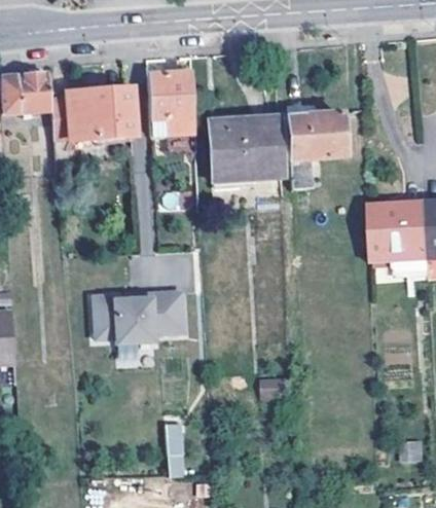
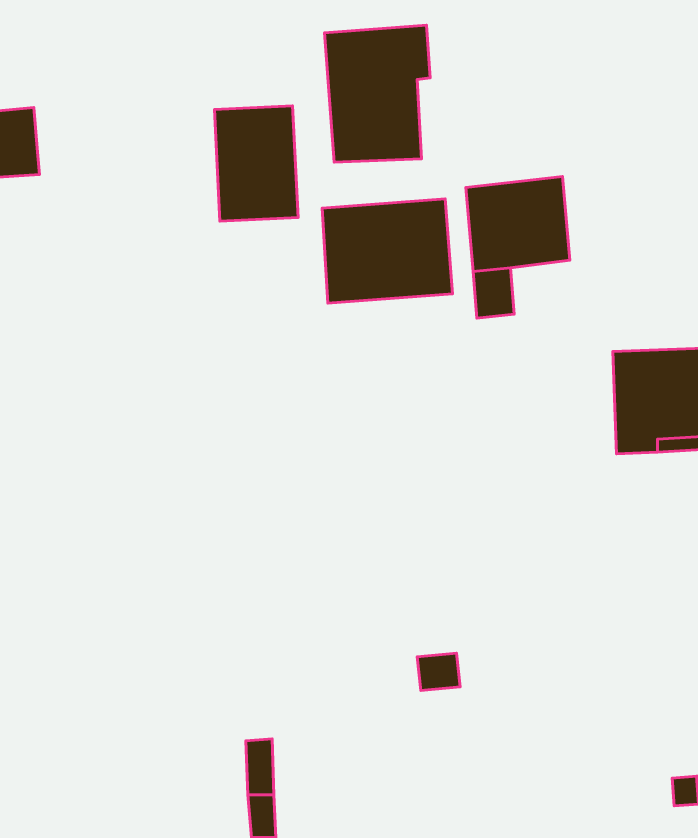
building: none -> [324,25,430,162]
building: [50,89,132,138] -> none
building: [93,289,183,341] -> none

